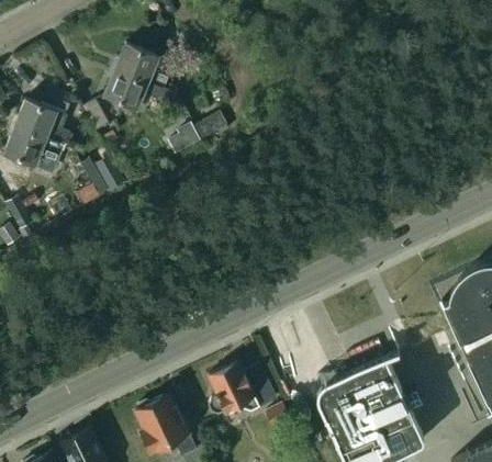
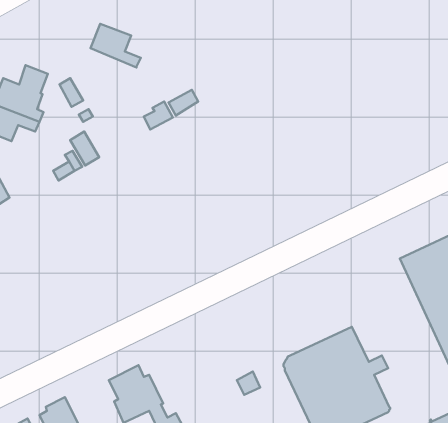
building: [105,71,178,110] -> none
building: [209,363,277,416] -> none

